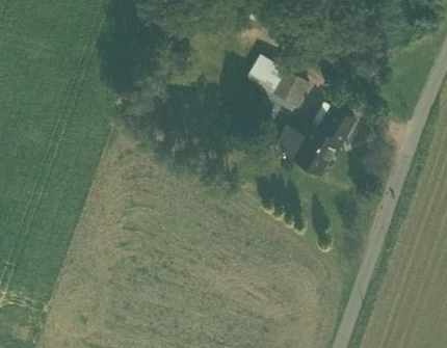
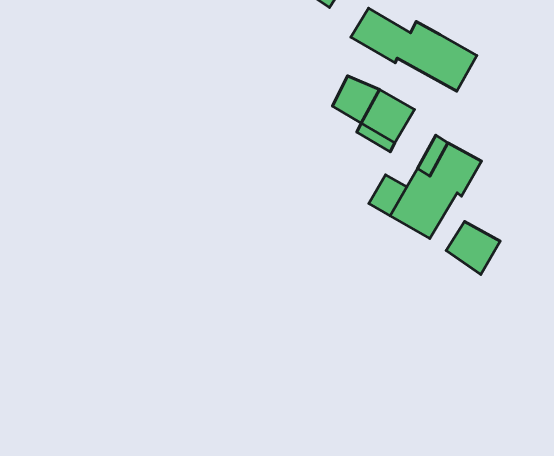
building: none -> [351,8,477,91]
building: none -> [446,222,500,274]

